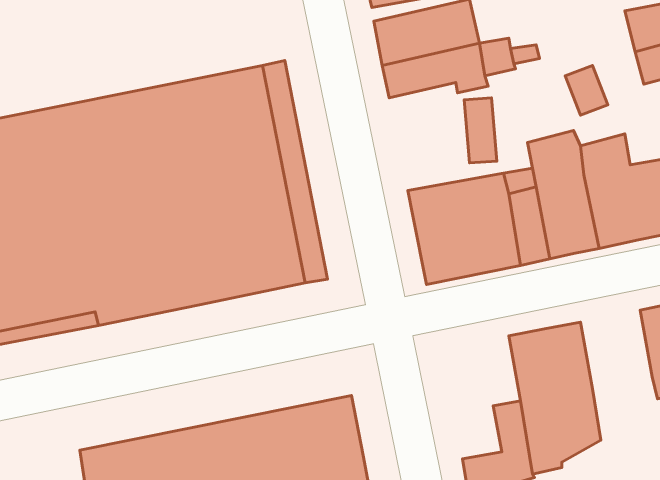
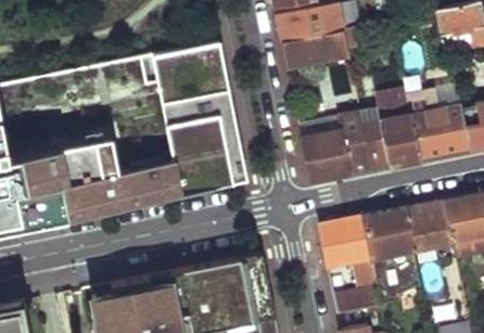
building: none -> [408,202,454,252]
building: none -> [319,218,370,267]

